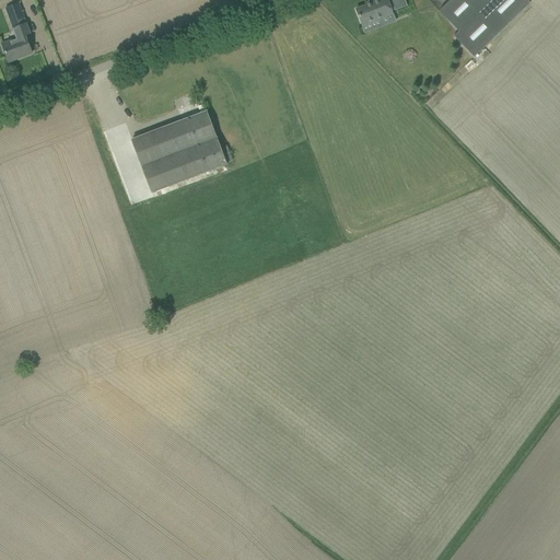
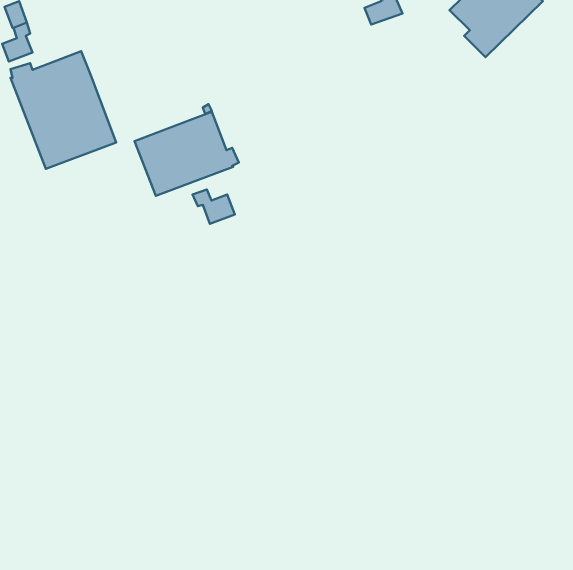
building: none -> [10,51,116,169]
building: none -> [192,190,235,224]

